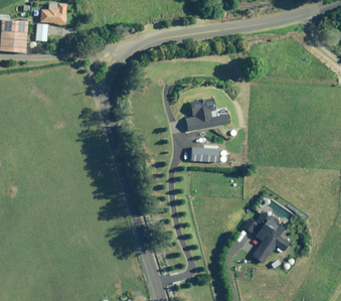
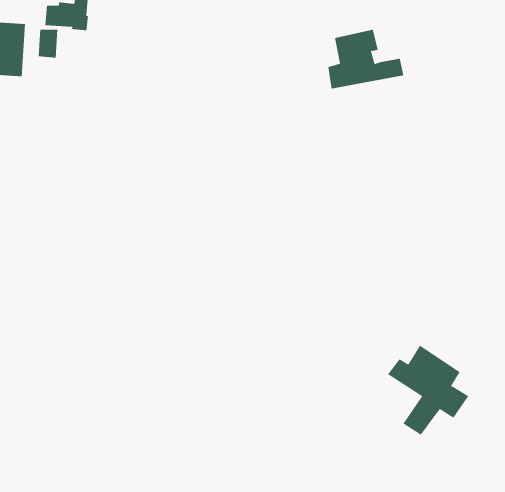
building: [185,96,230,131] -> [327,29,404,89]
building: [191,146,219,161] -> none

